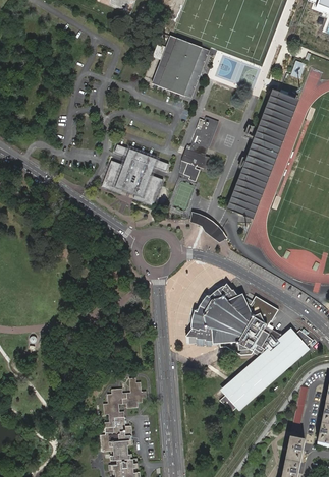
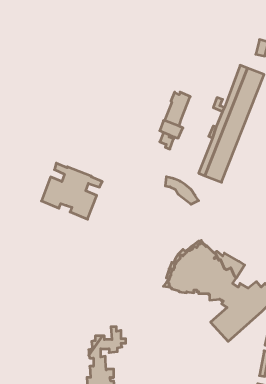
building: [150,36,201,96] -> none
building: [101,145,168,207] -> [41,163,102,219]
building: [219,372,259,411] -> none

